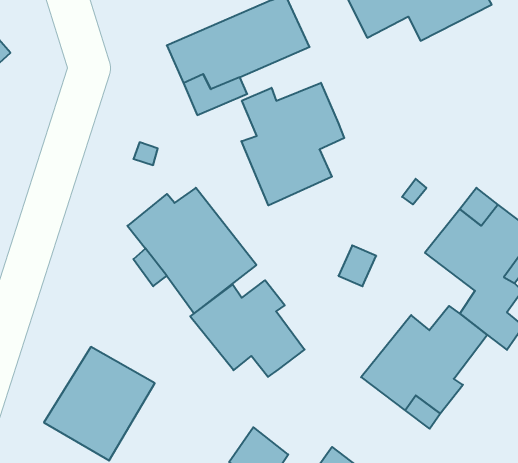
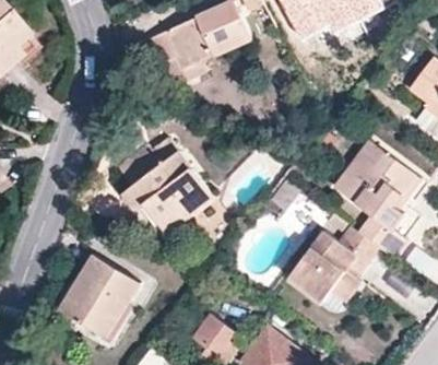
building: [241,83,344,205] -> none
building: [190,280,305,377] -> none

